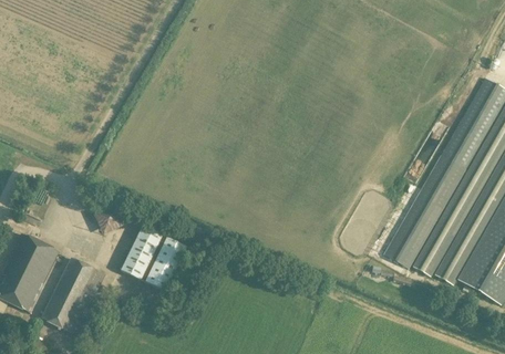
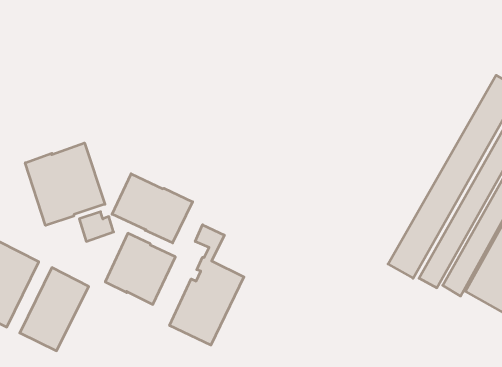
building: none -> [25,143,105,225]
building: none -> [112,174,193,243]
building: none -> [170,225,244,345]

